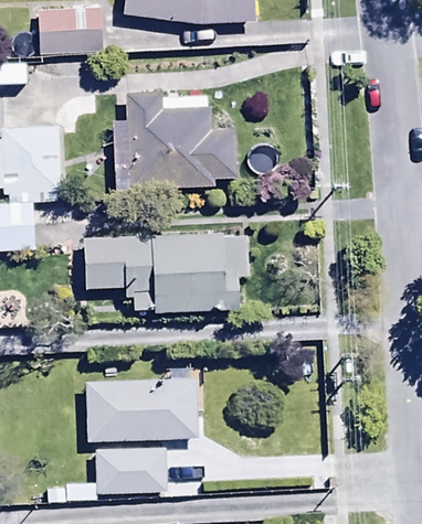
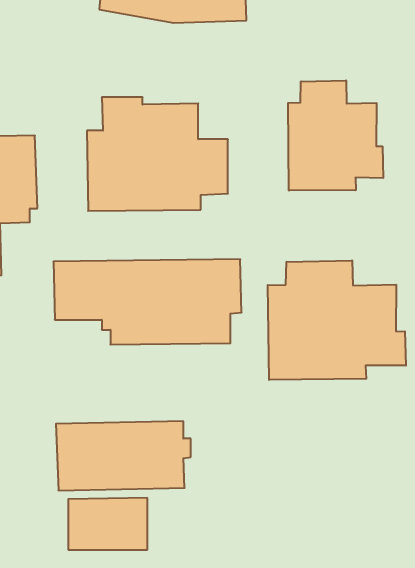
building: [39,8,99,53] -> none
building: none -> [288,80,383,191]
building: none -> [268,260,406,380]

